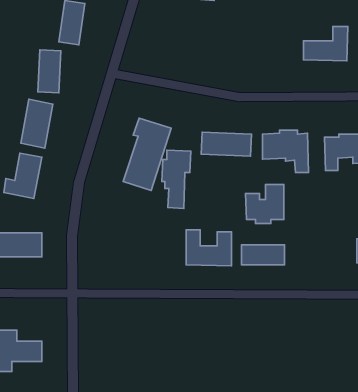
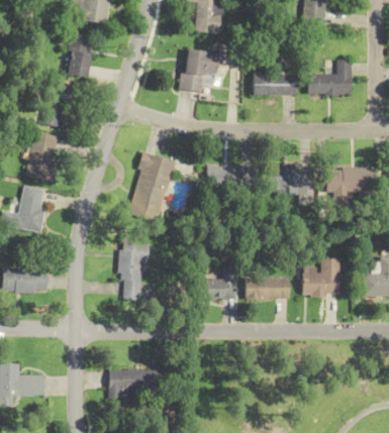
building: none -> [179,47,219,92]
building: none -> [254,70,298,94]
building: [162,150,191,209] -> [118,241,148,300]
building: [246,184,284,224] -> [302,258,341,298]
building: none -> [109,369,161,399]

